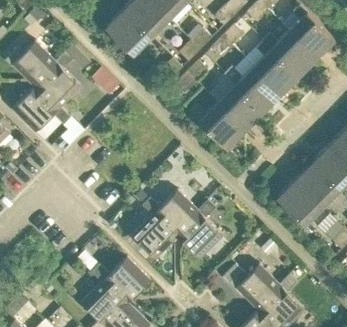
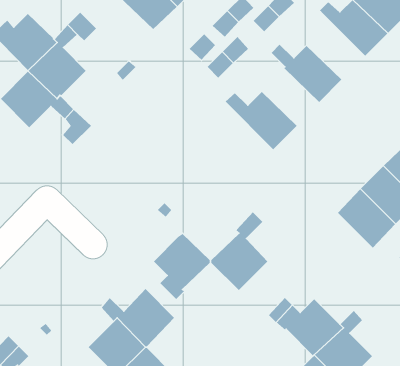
building: [252,40,298,93] -> none
building: [217,84,262,129] -> none
building: [141,190,199,234] -> none

